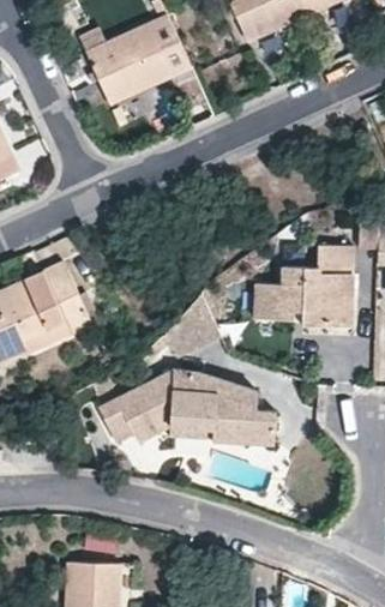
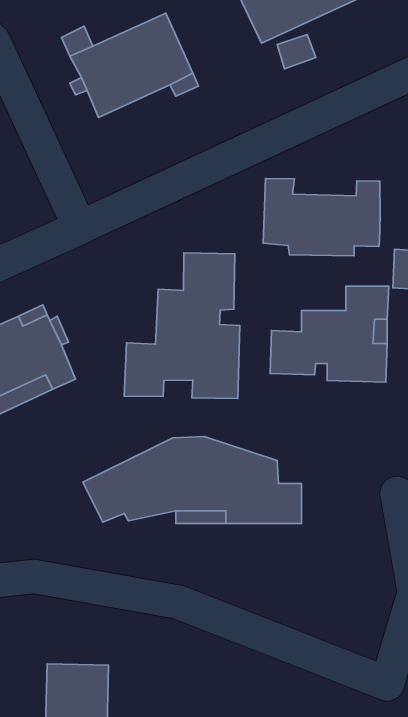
building: none -> [263,178,380,256]
building: none -> [124,253,240,398]

